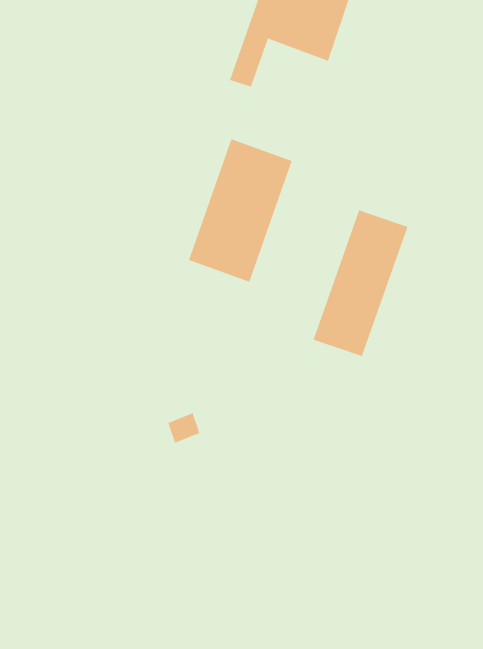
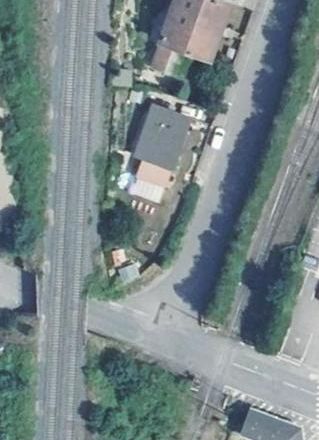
building: [313,210,408,357] -> none

